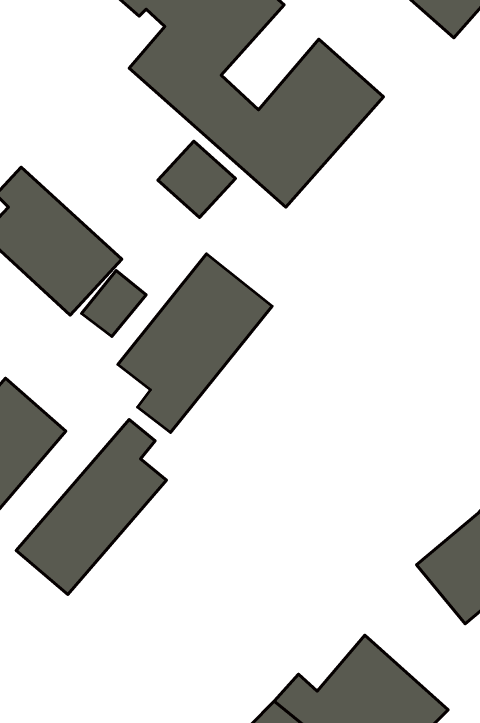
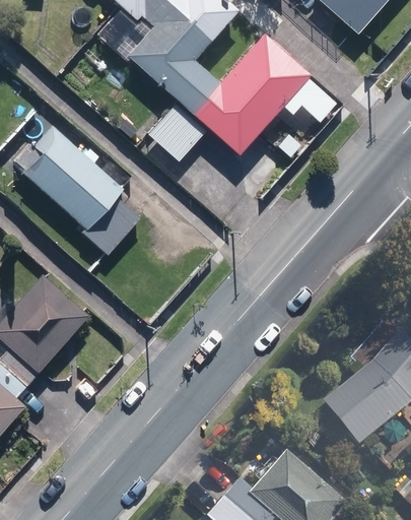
building: [118,254,272,433] -> none
building: [16,420,167,595] -> none

